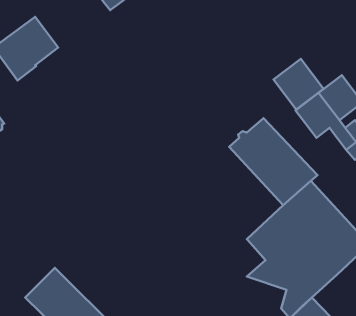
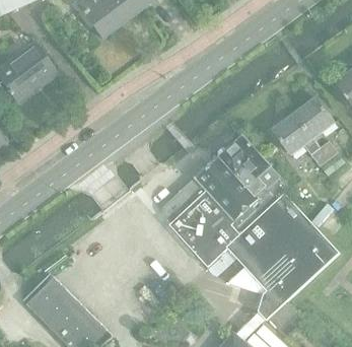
building: [273,59,323,110] -> none
building: none -> [163,162,262,274]

